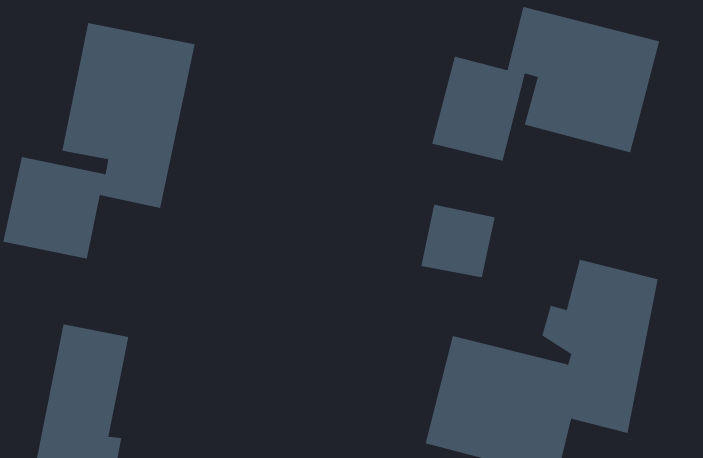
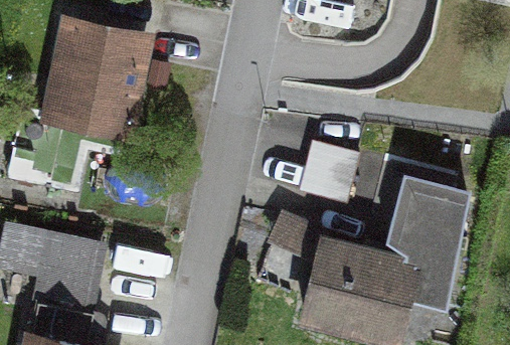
building: [432,6,660,161] -> none

